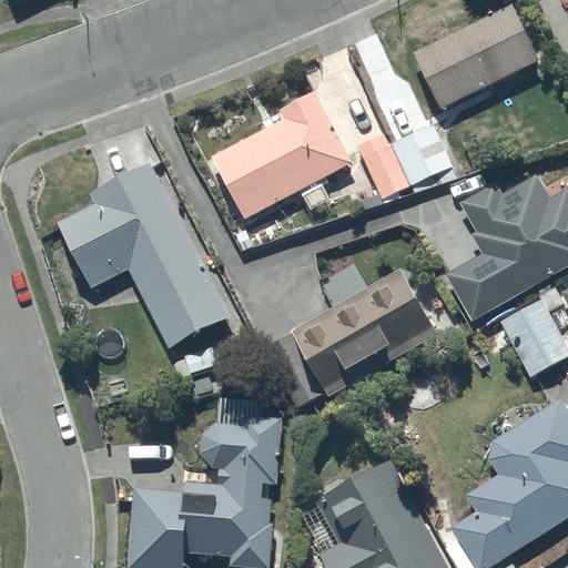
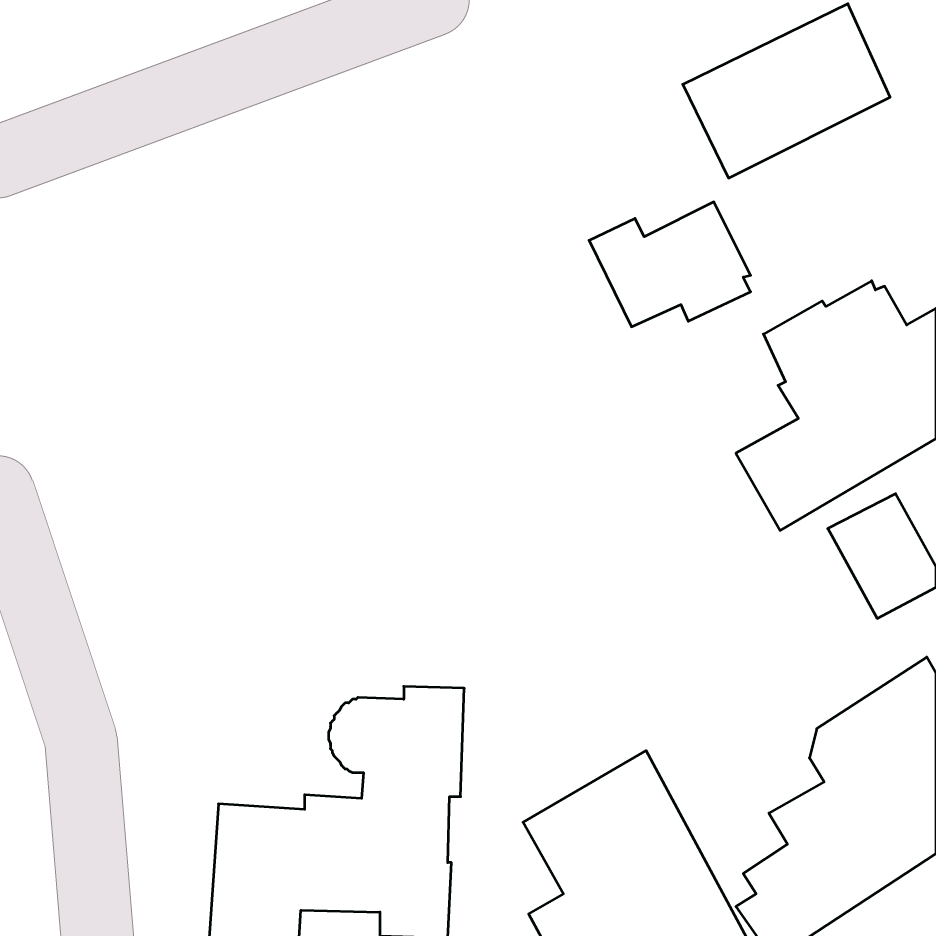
building: [213,91,351,217] -> none
building: [57,162,229,347] -> none
building: [263,268,438,410] -> none

